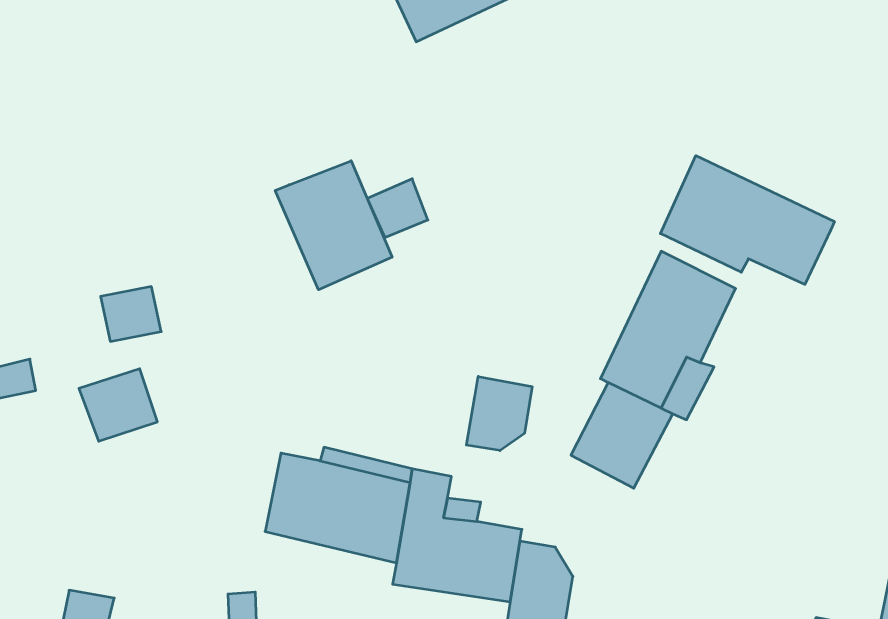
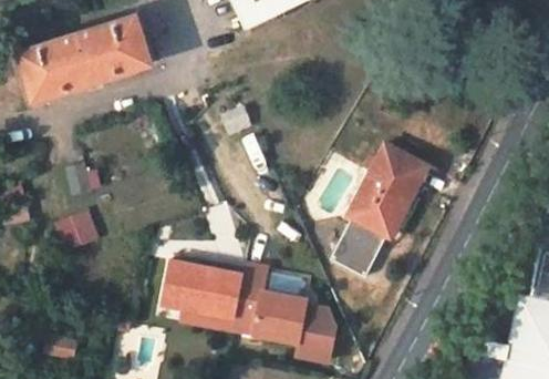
building: none -> [21,16,155,100]
building: [660,156,834,284] -> none
building: [275,161,392,290] -> none
building: [466,376,532,451] -> none

